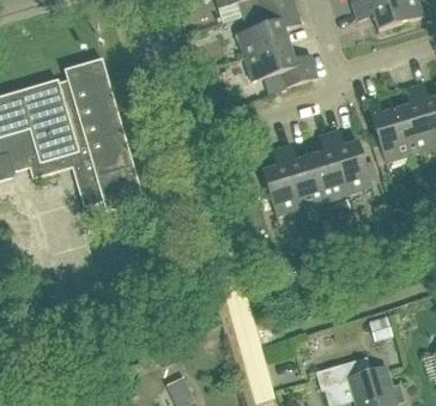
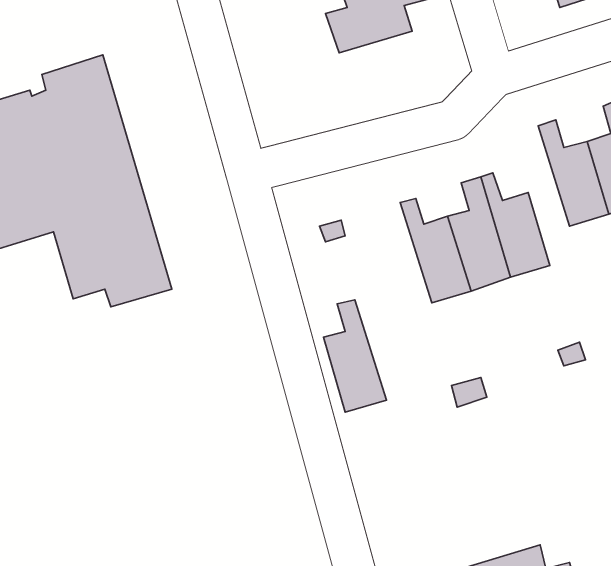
building: [244,43,317,85] -> none
building: [262,147,301,216] -> [323,300,386,412]

